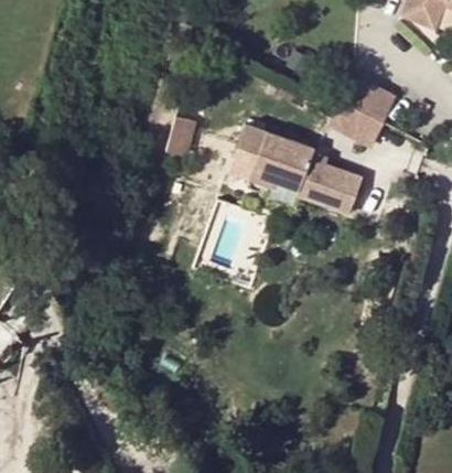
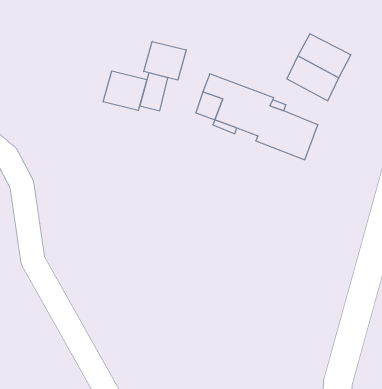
building: none -> [144,41,186,80]
building: none -> [103,71,147,111]

